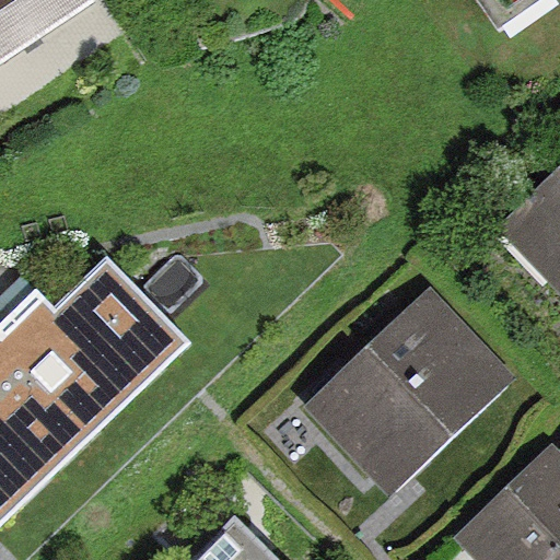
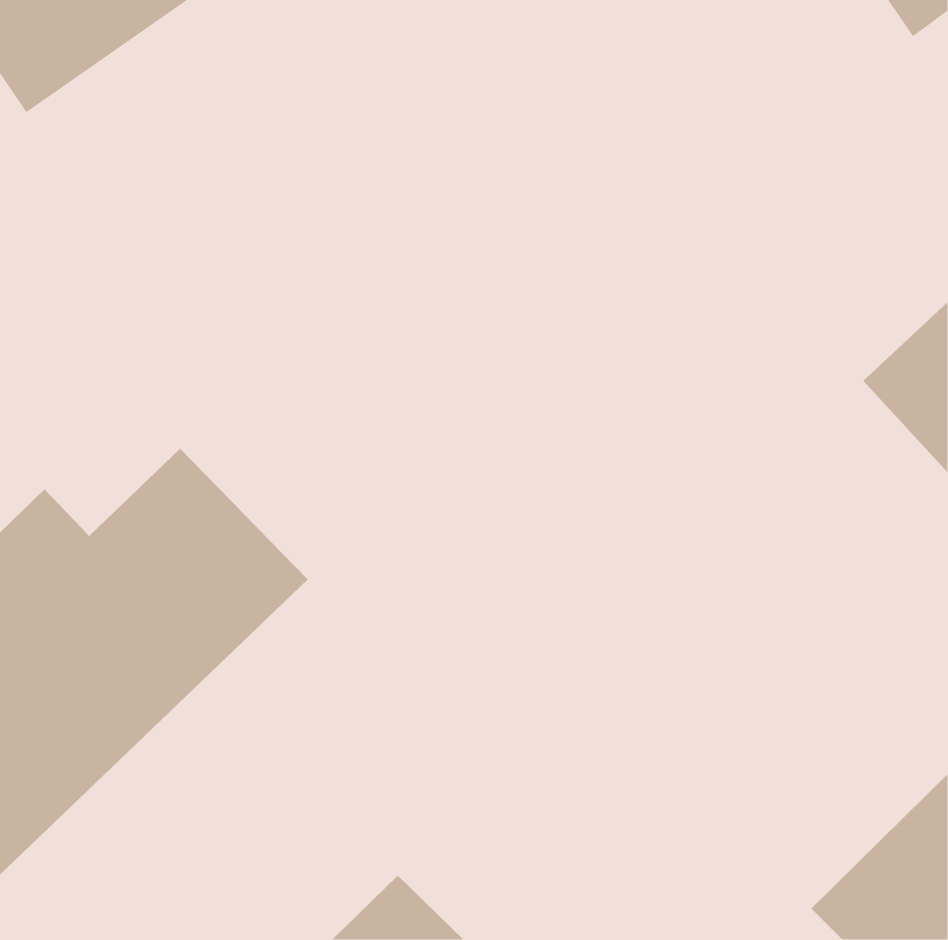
building: [316,299,501,481] -> none

